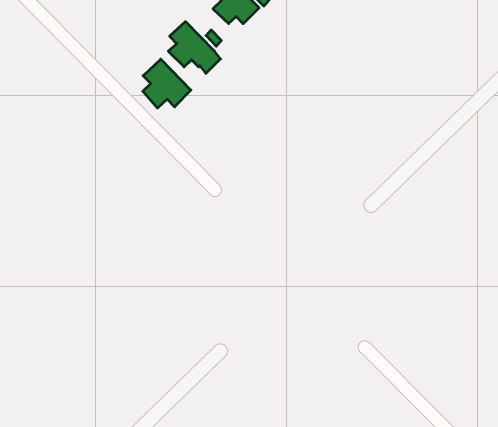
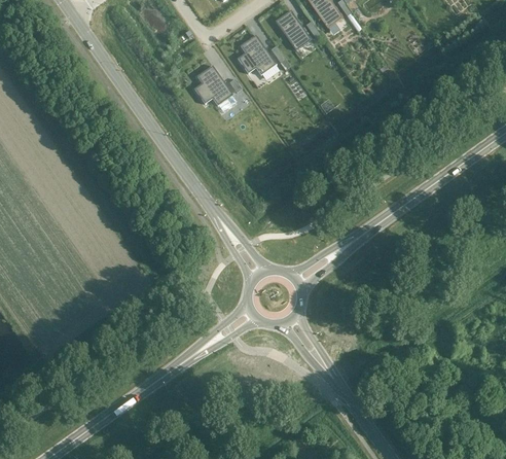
building: [143,59,191,108] -> none

